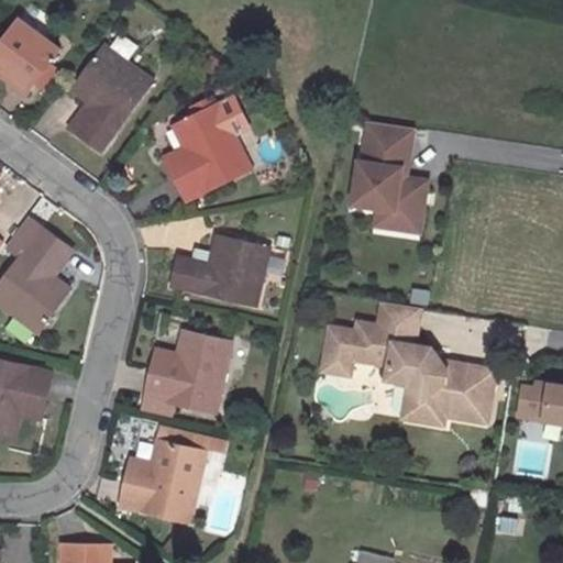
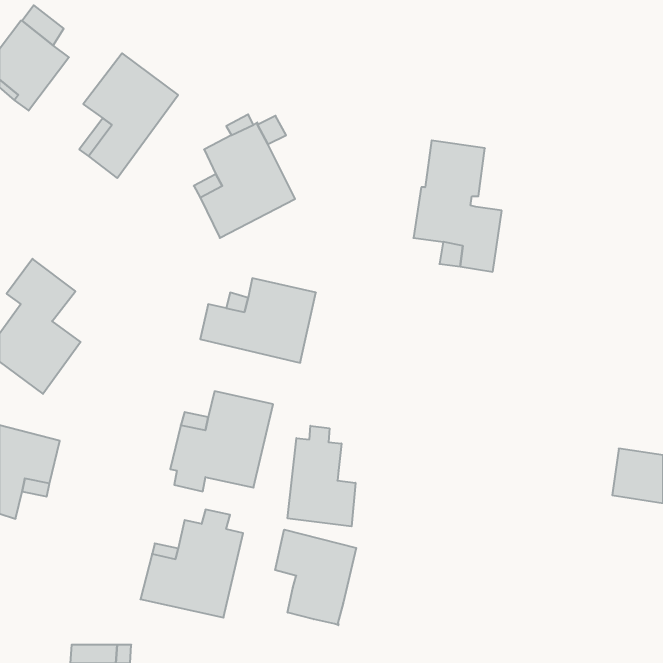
building: [321,302,499,430] -> none
building: none -> [288,426,355,526]
building: none -> [275,530,356,625]

